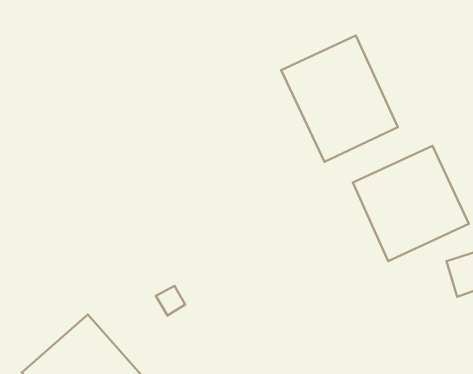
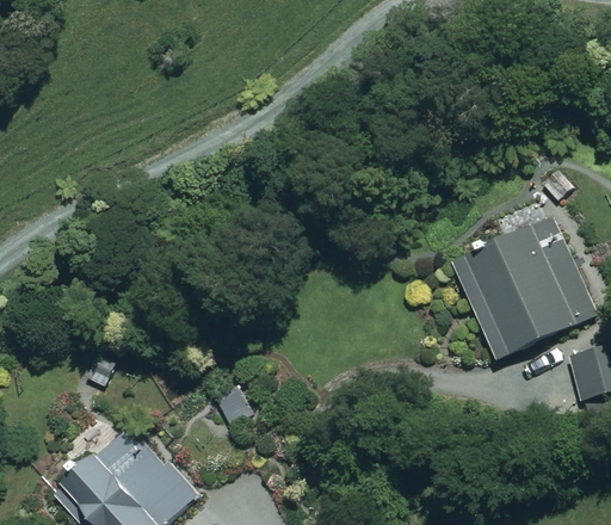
building: [281,36,398,162] -> none

